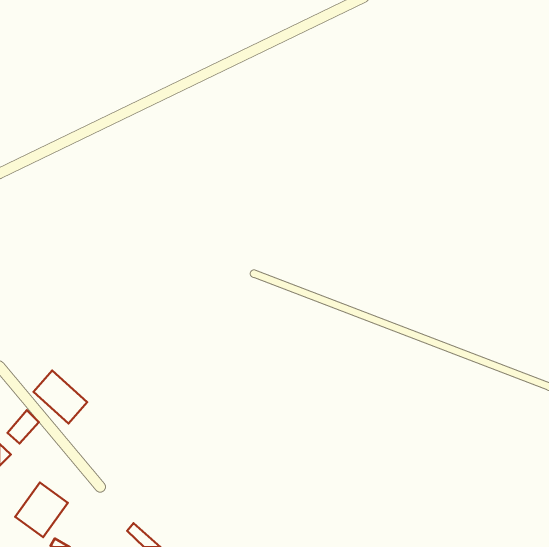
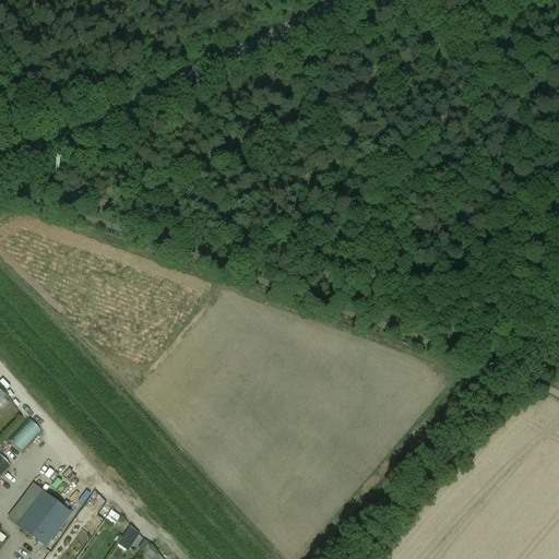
building: [33,371,87,423] -> none

